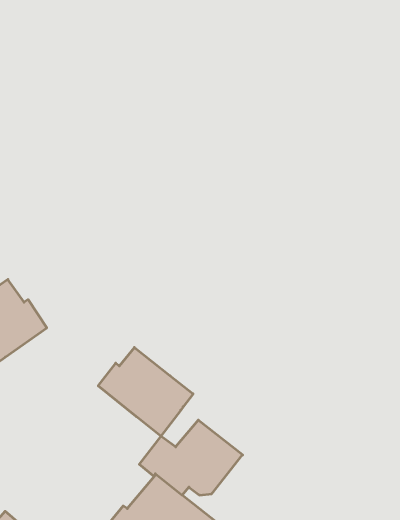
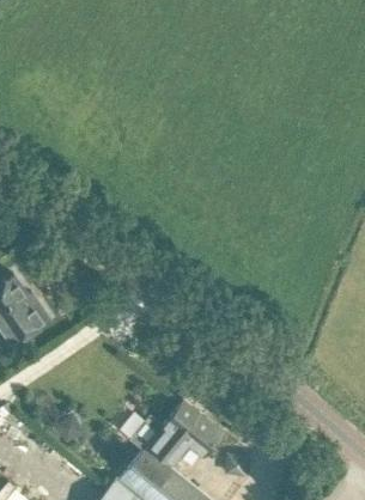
building: [98,347,193,436] -> none

